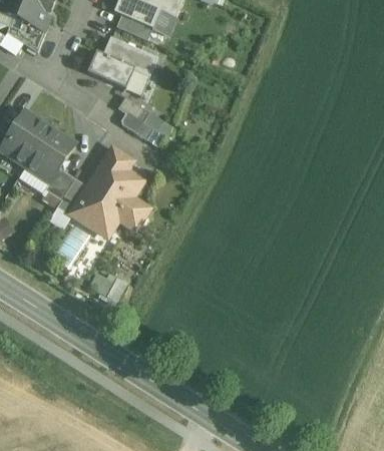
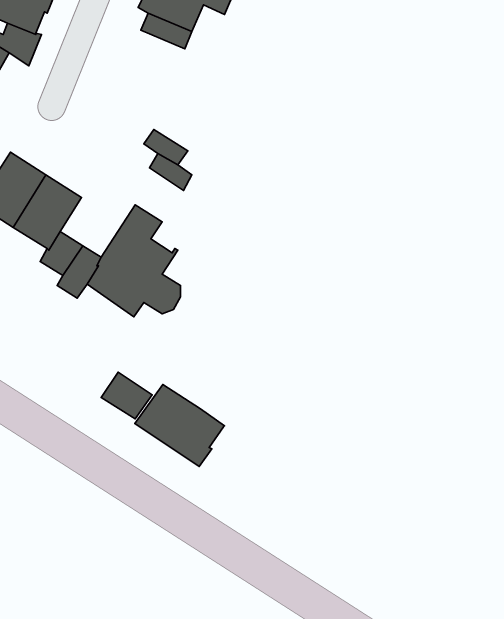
building: [88,36,157,89] -> none
building: none -> [135,384,225,467]

